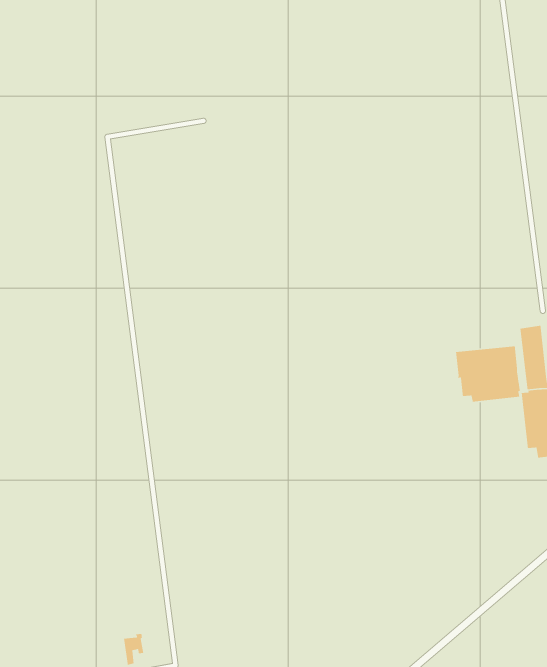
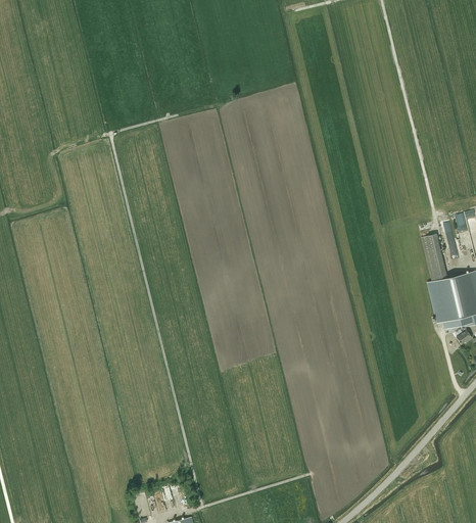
building: [455,345,521,403] -> none

